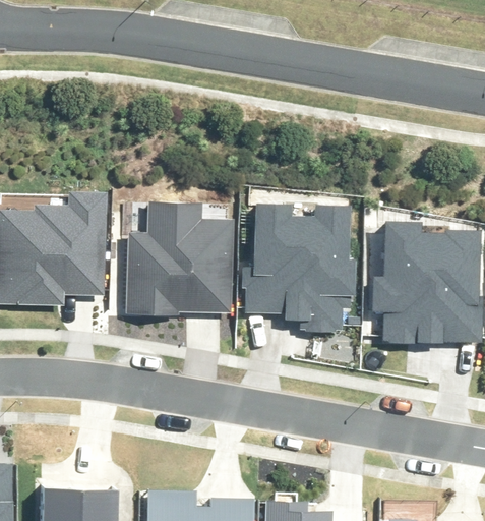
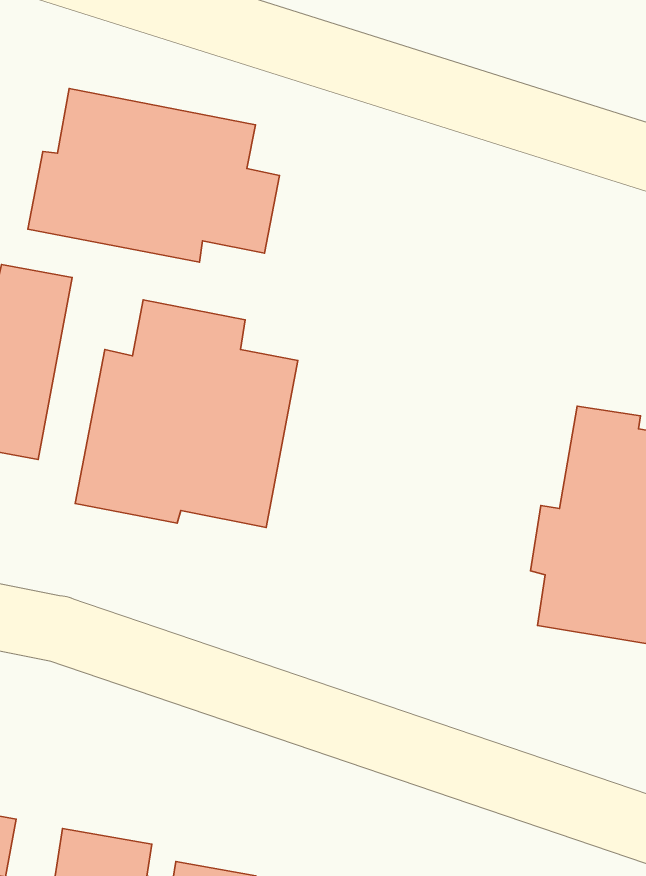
building: none -> [28,88,280,262]
building: [246,202,356,333] -> none

